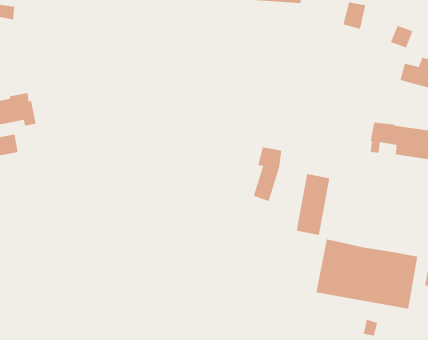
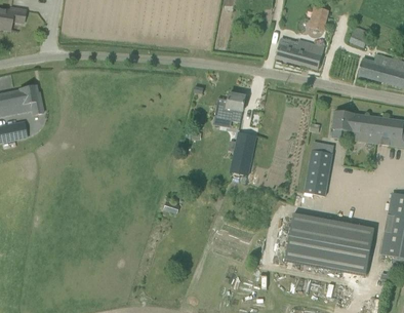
building: none -> [276,38,324,69]
building: none -> [214,91,246,121]
building: [296,173,330,236] -> [305,141,334,195]

